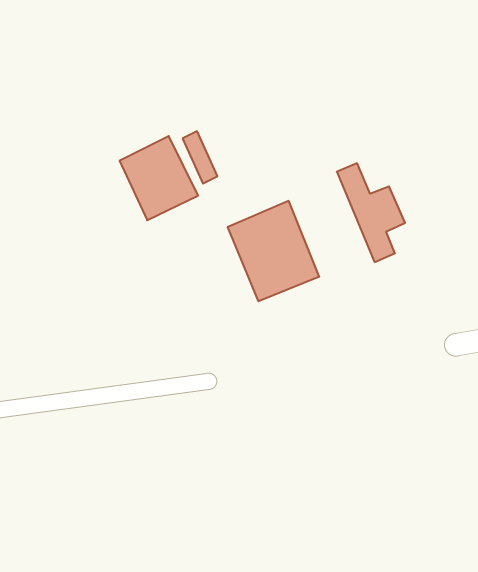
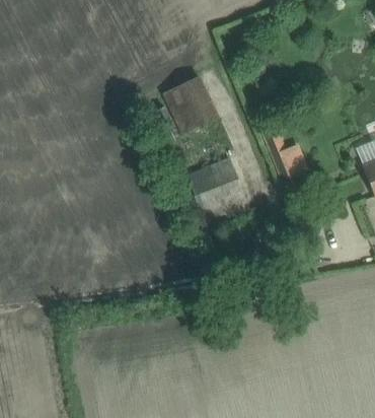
building: [120,136,198,220] -> [163,74,218,133]

